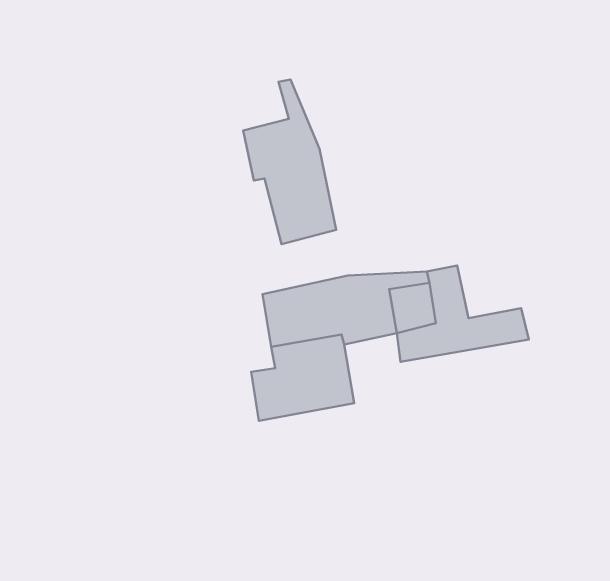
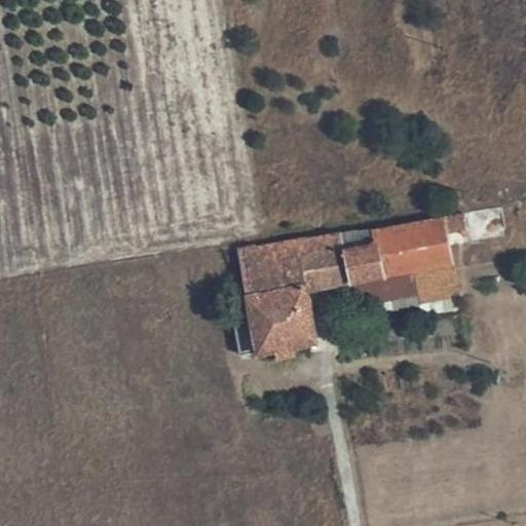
building: [243,79,336,244] -> none
building: none -> [400,215,469,270]

